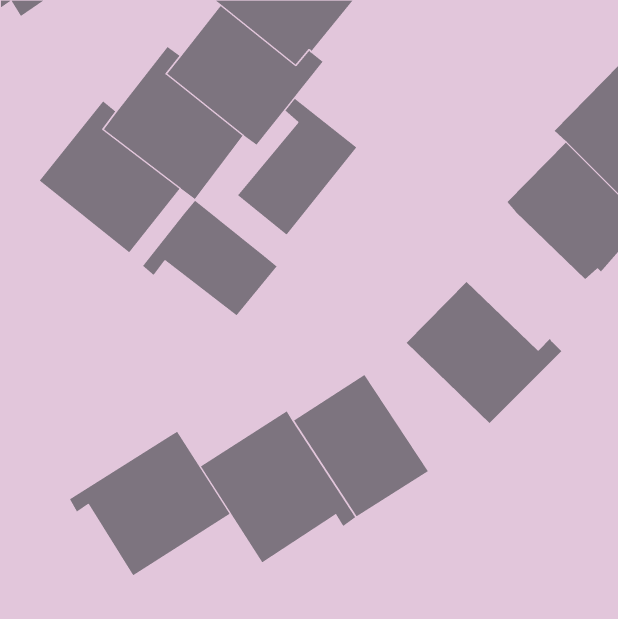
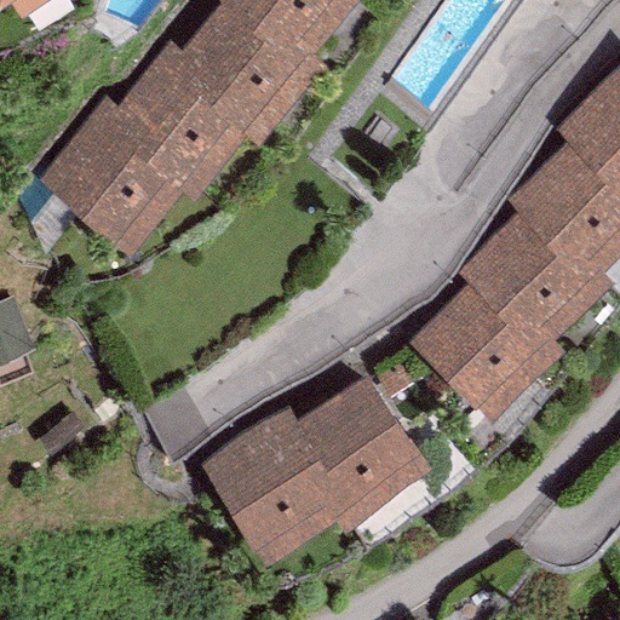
building: [237,98,357,235] -> none
building: [142,200,277,316] -> none
building: none -> [458,212,612,350]
building: [69,431,230,576] -> none

